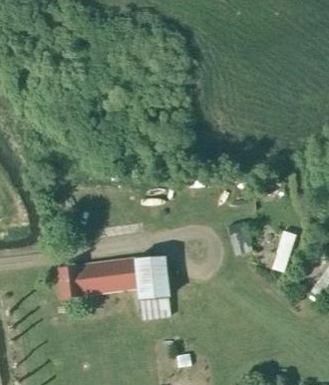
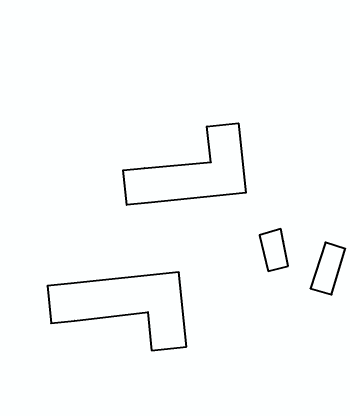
building: none -> [123,123,246,205]

